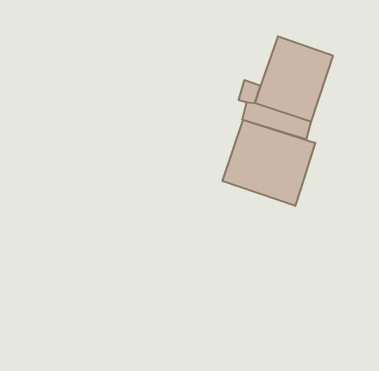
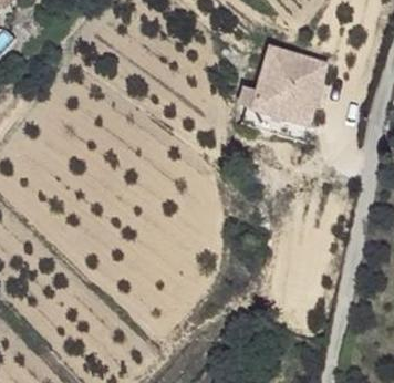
building: [223,120,315,206] -> none

